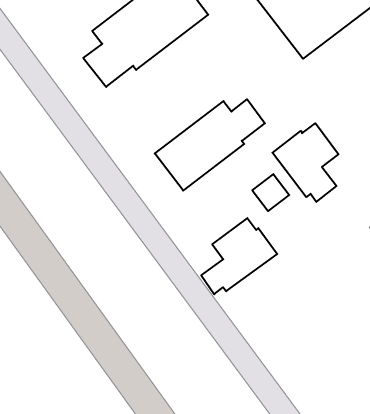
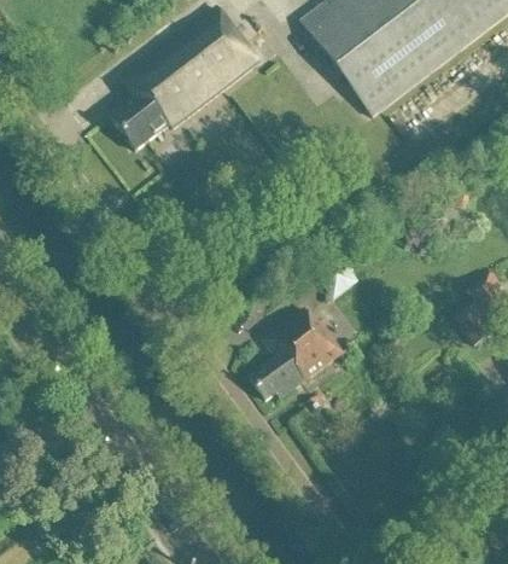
building: [155,99,265,191] -> none
building: [272,123,338,202] -> none

